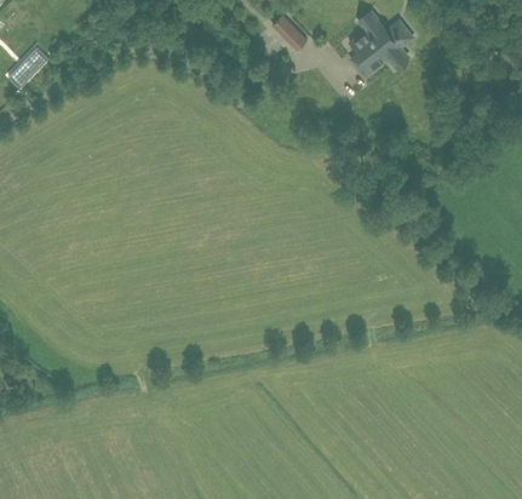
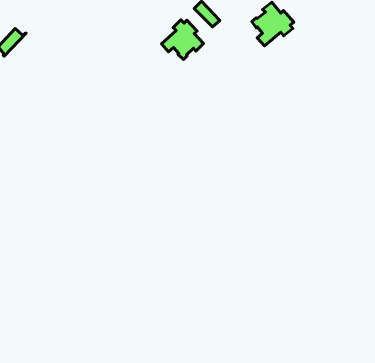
building: none -> [162,20,204,59]

